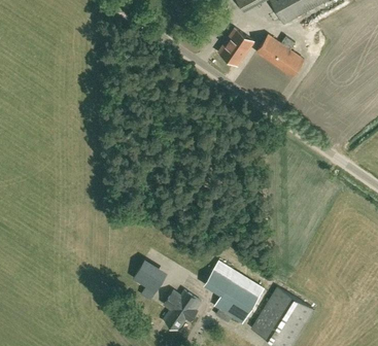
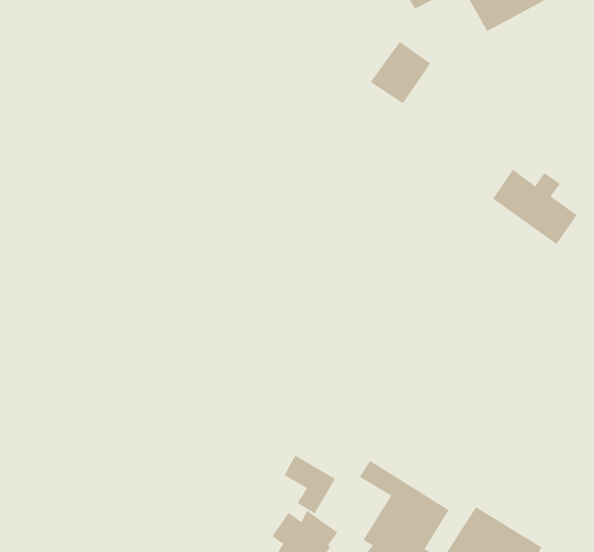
building: [256,34,304,76] -> [492,169,577,245]
building: [133,268,162,301] -> [284,455,336,514]

